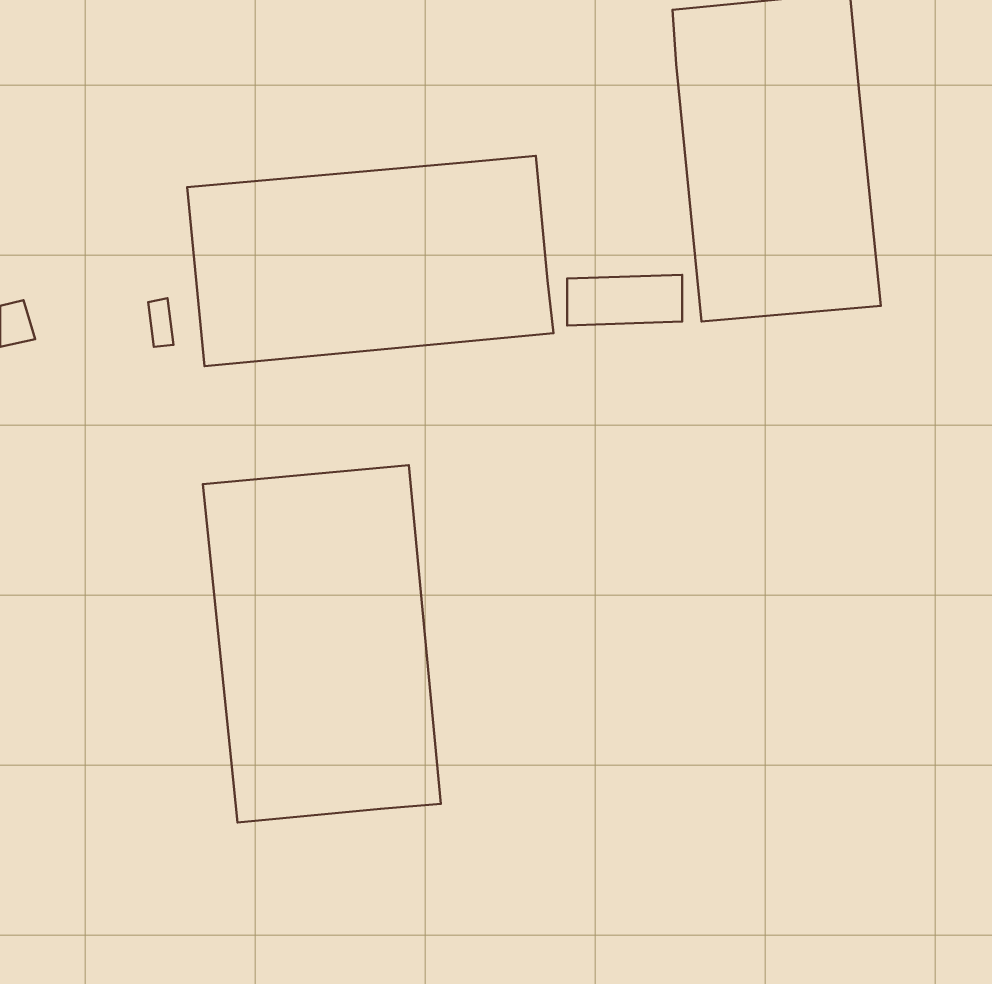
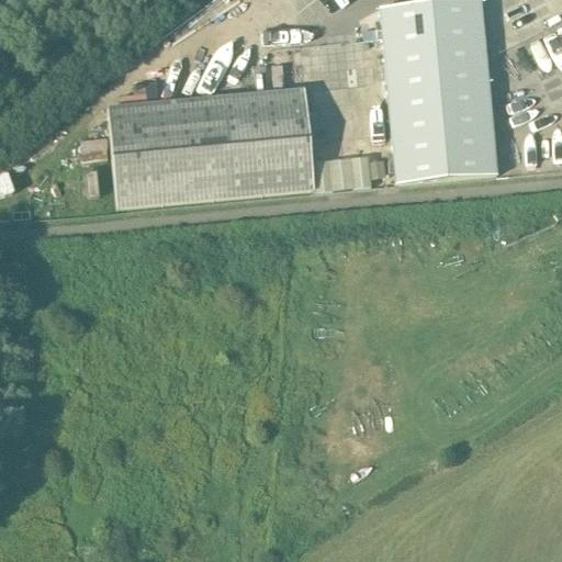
building: [203,465,441,823] -> none

